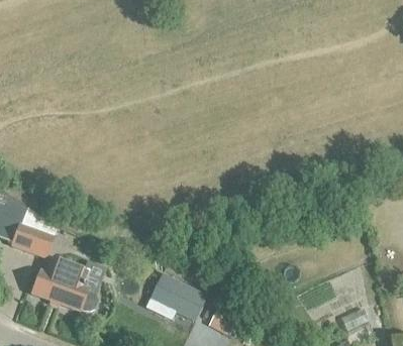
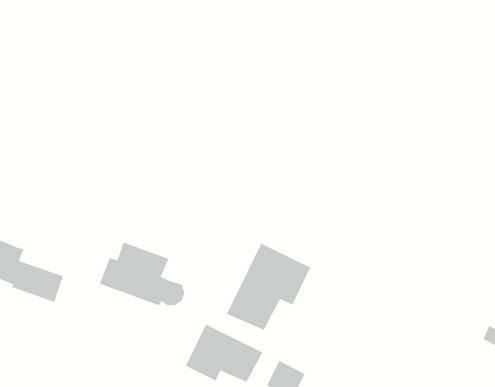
building: none -> [226,242,311,331]
building: [30,258,98,309] -> [99,242,185,306]

